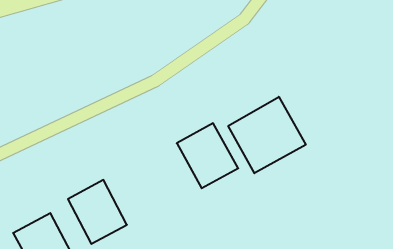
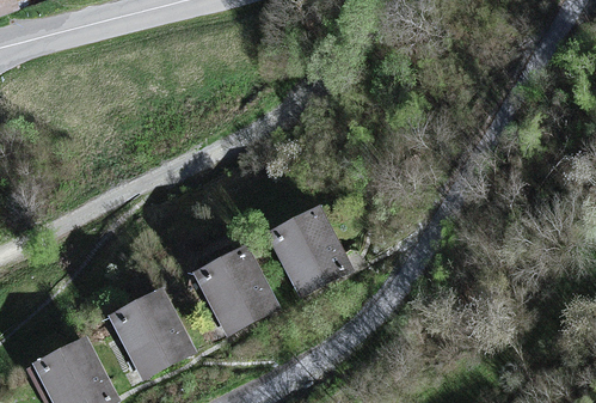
building: [228,97,306,173] -> none
building: none -> [191,244,279,337]

